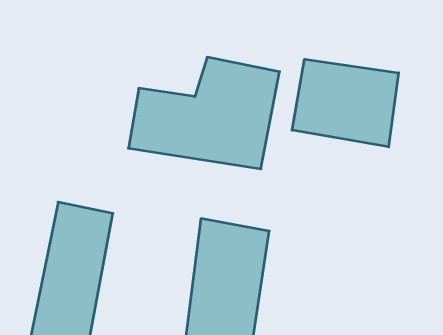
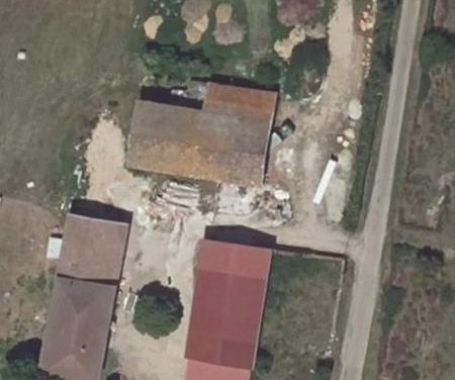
building: [292,59,399,147] -> none

